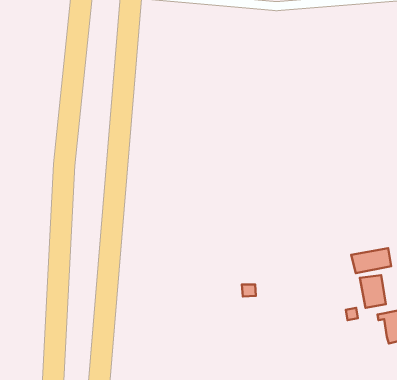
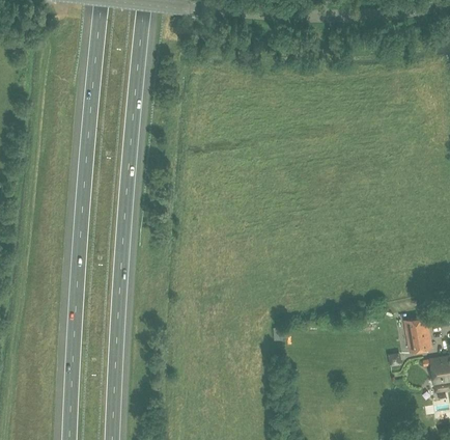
building: [351,248,391,273] -> none

